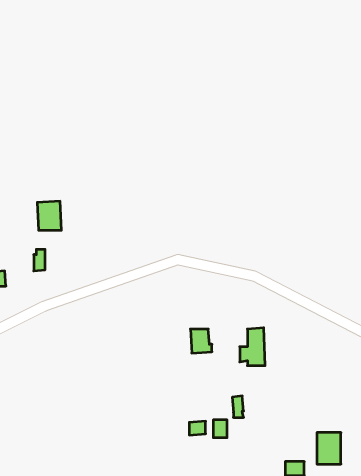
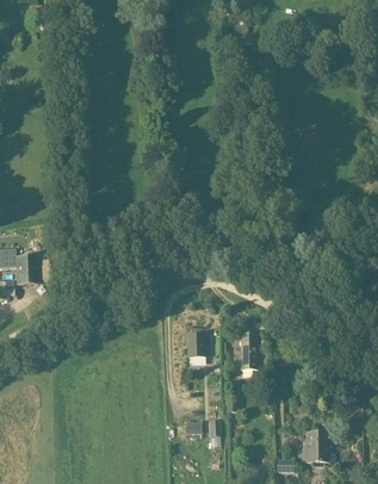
building: [37,201,61,230] -> [13,255,36,283]

